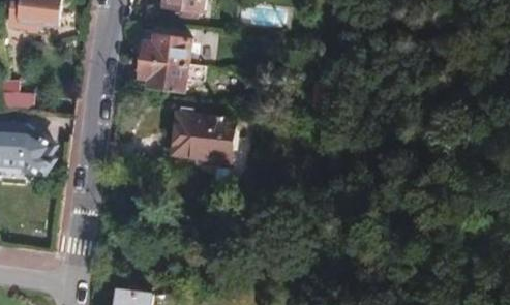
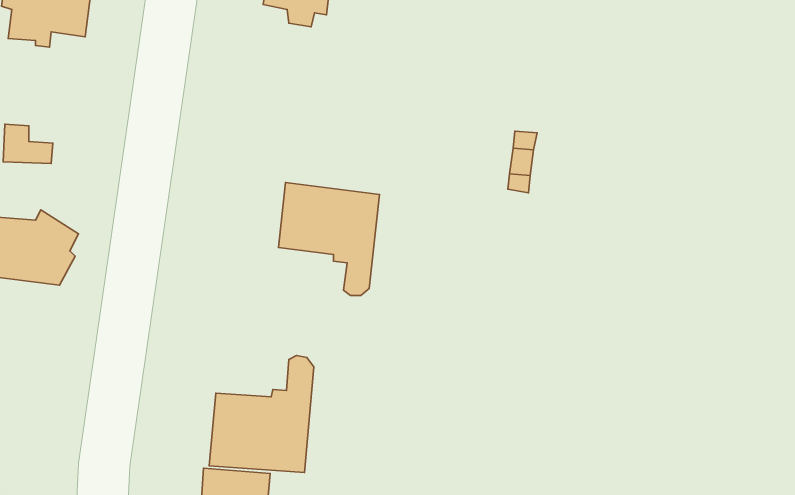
building: [130,34,200,91] -> none
building: none -> [209,355,314,472]

